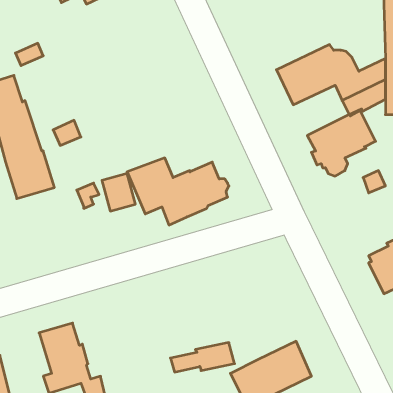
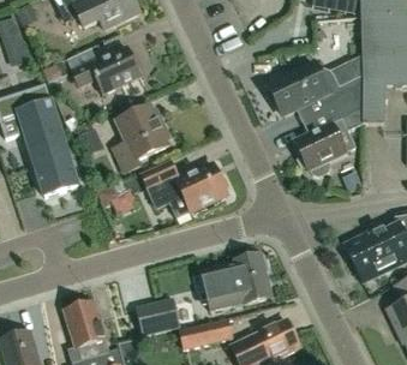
building: none -> [72,46,142,92]
building: none -> [113,103,169,170]
building: none -> [199,255,271,310]
building: none -> [134,295,181,335]

